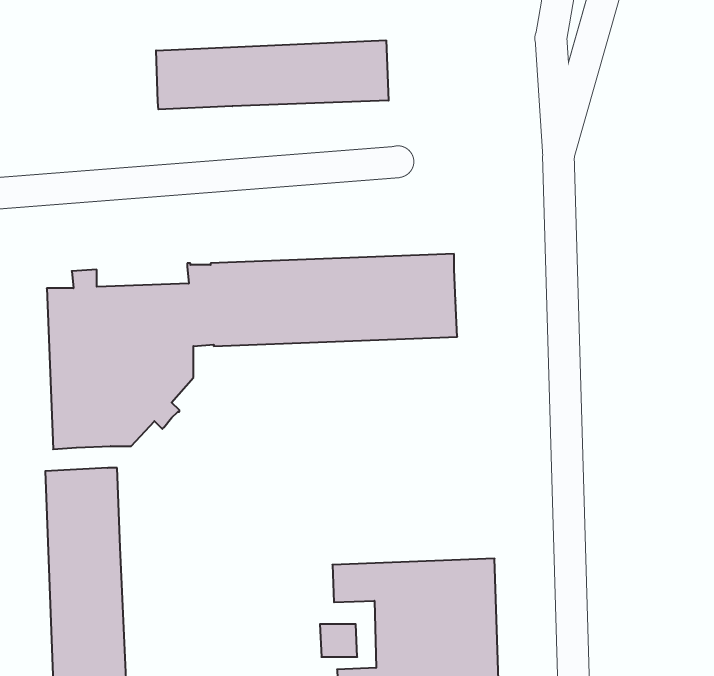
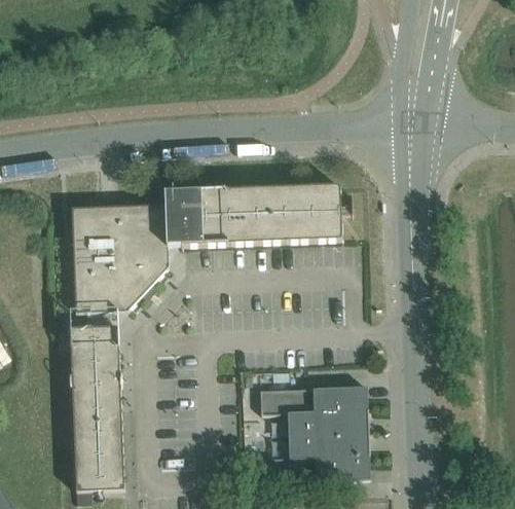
building: [156,40,389,109] -> none

